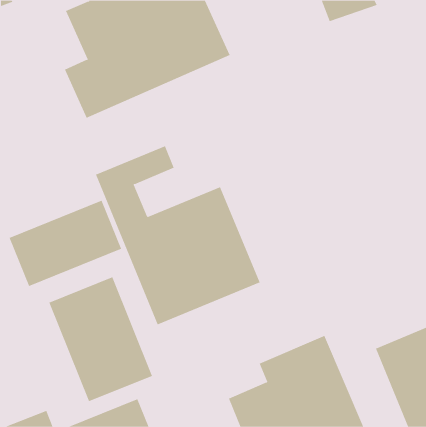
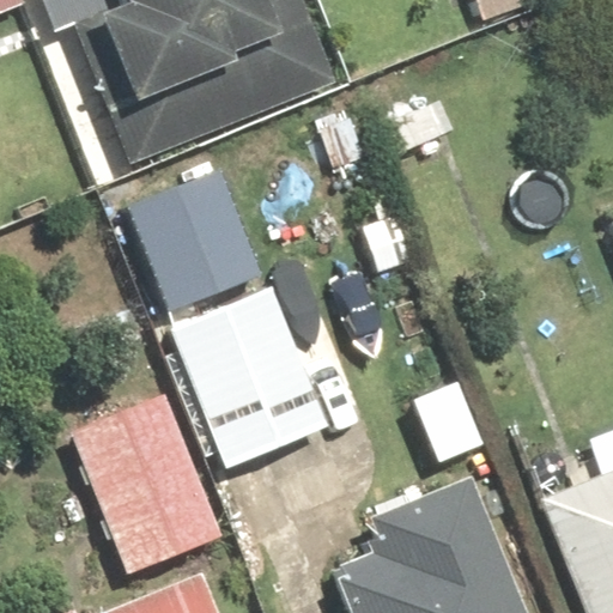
building: [9,200,122,287] -> none

